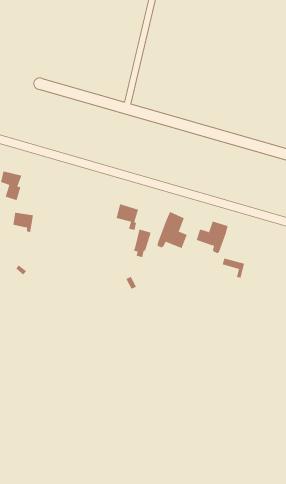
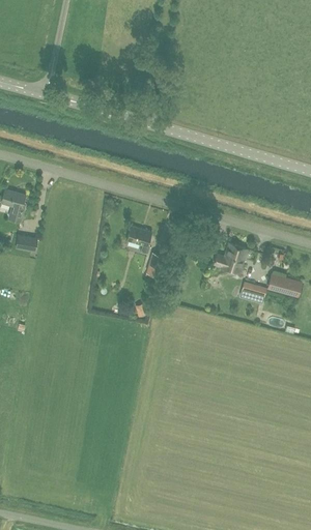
building: [157,211,187,249] -> none
building: none -> [266,272,302,297]

